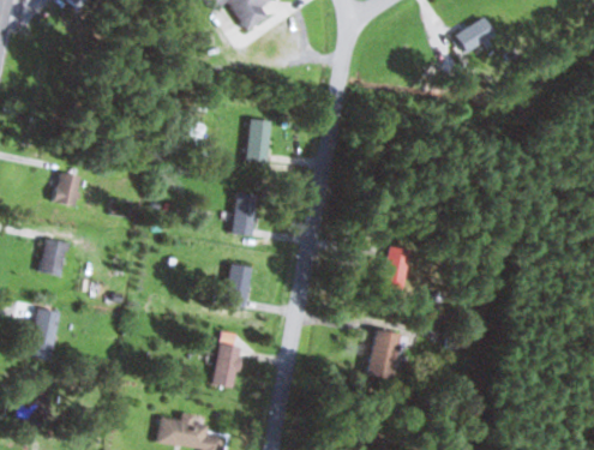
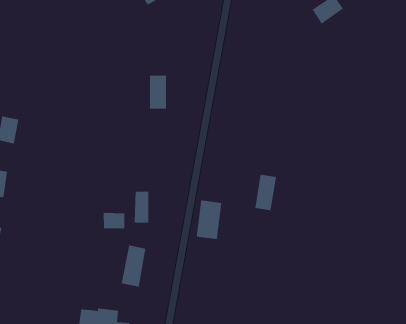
building: [233,193,254,236] -> none
building: none -> [103,212,125,229]
building: [368,329,402,379] -> [196,200,222,240]

